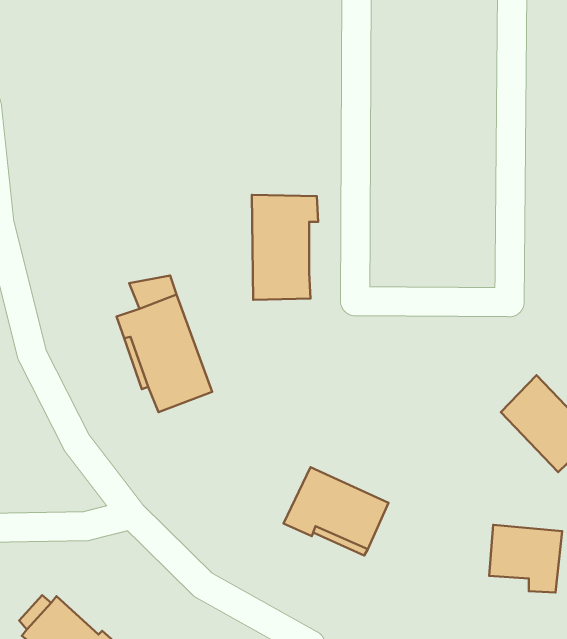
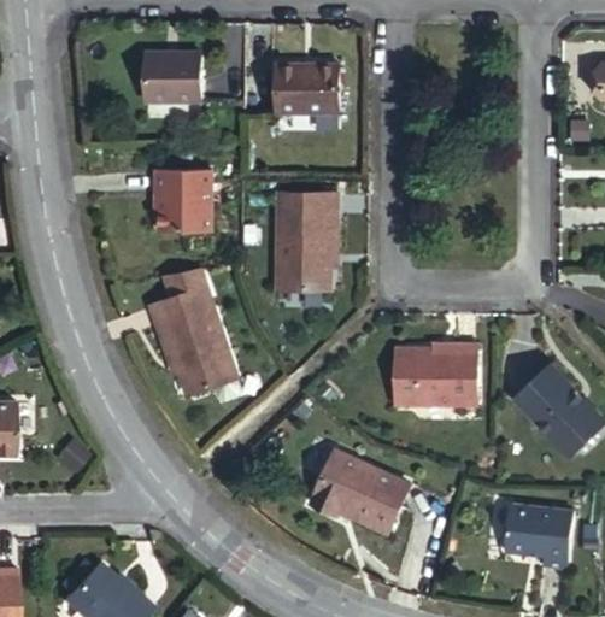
building: none -> [145,54,200,102]
building: none -> [276,63,341,112]
building: none -> [154,170,211,231]
building: none -> [393,342,476,402]

